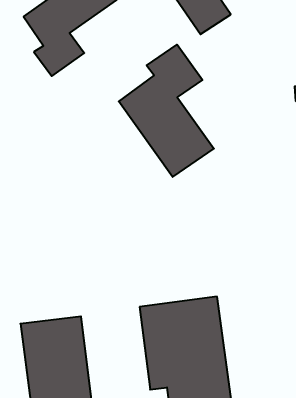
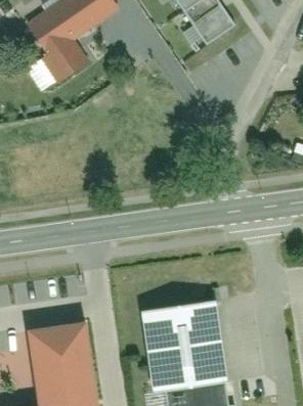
building: [119,45,214,177] -> none

